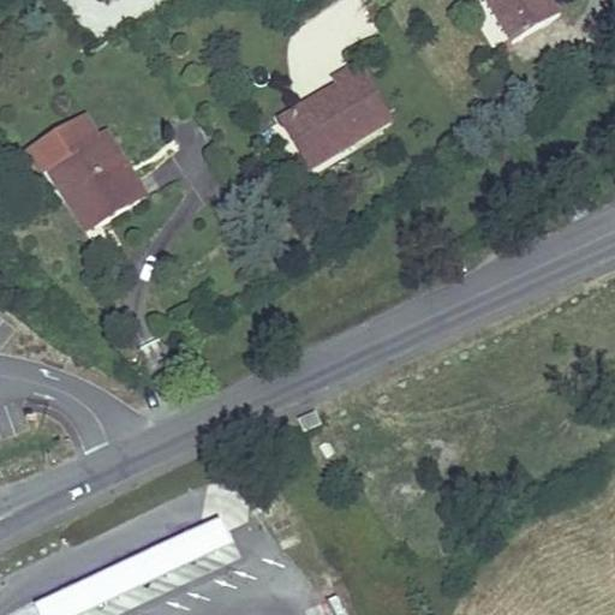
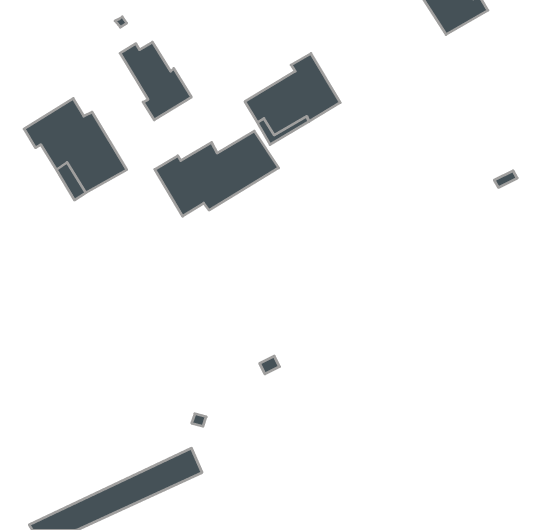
building: none -> [120,42,191,120]
building: none -> [155,131,279,216]

